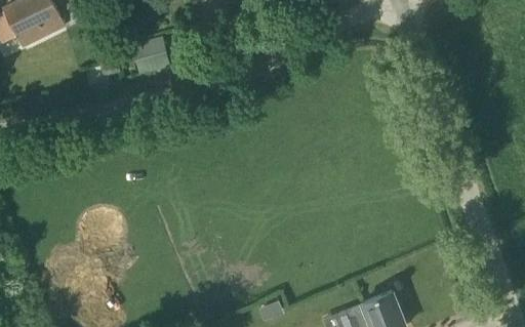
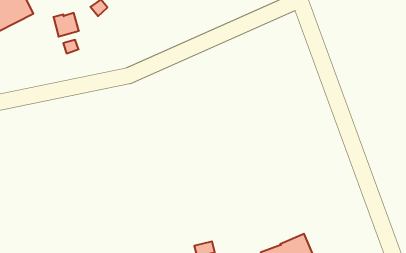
building: [138,39,169,68] -> [53,13,79,37]

